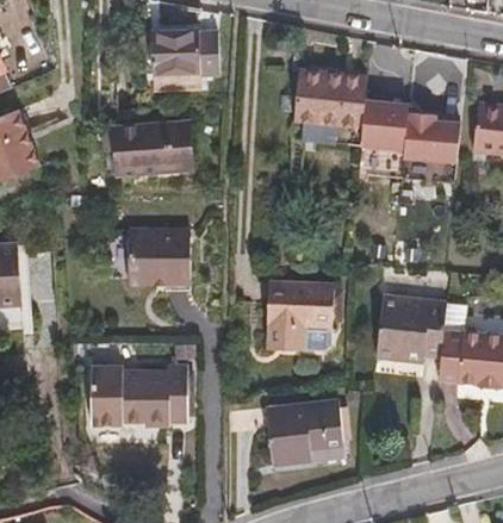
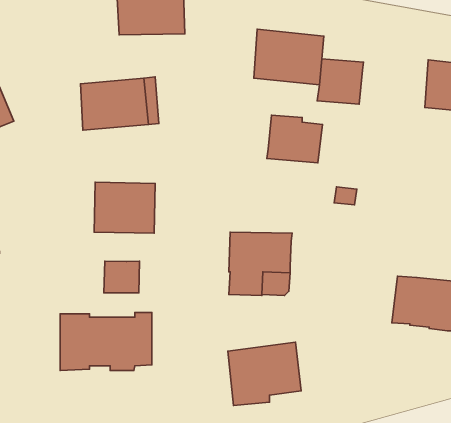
building: [403,112,461,162] -> [267,115,322,163]
building: [377,293,448,362] -> none
building: none -> [104,261,140,293]

